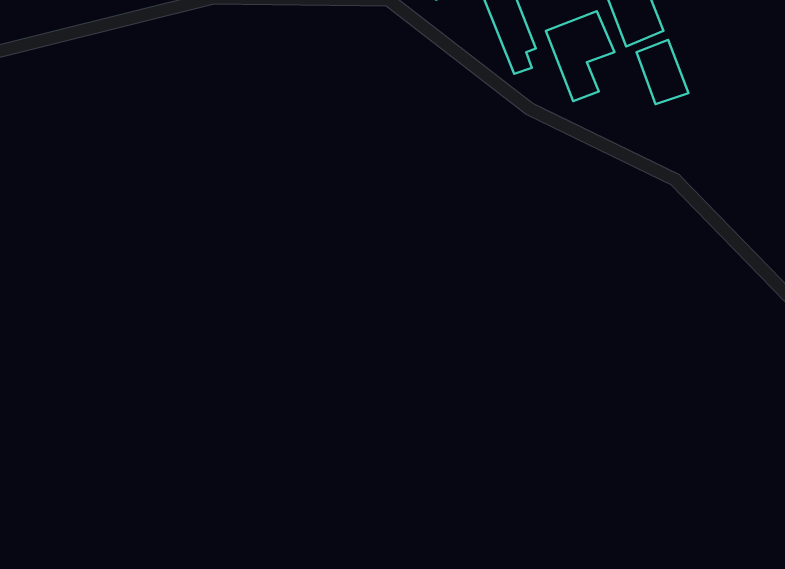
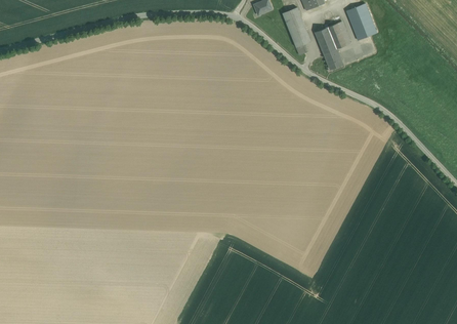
building: [636,40,689,104] -> none

